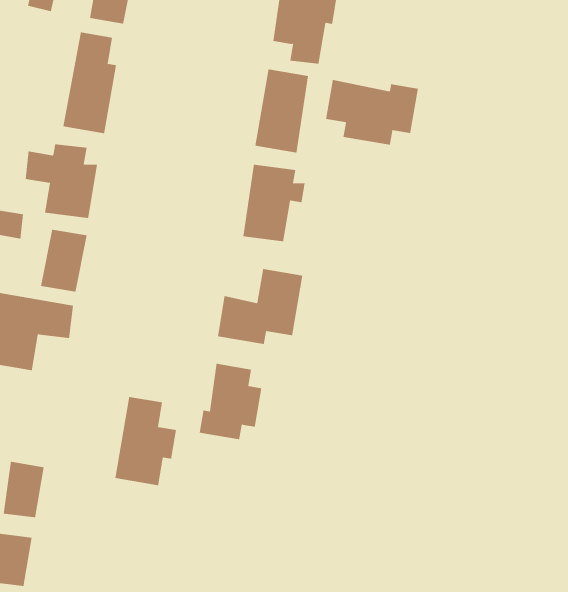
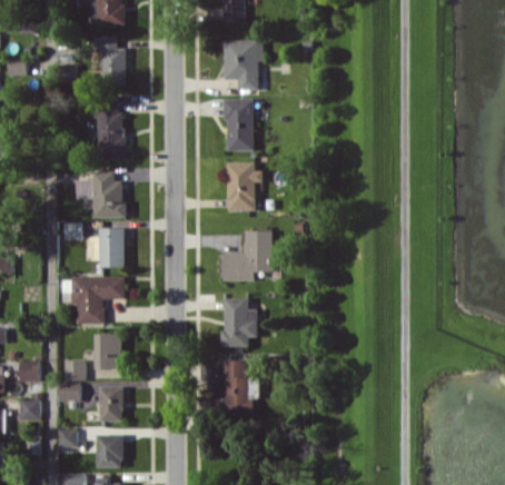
building: [326,79,418,146] -> none
building: none -> [95,334,121,368]
building: [114,396,177,486] -> [222,360,258,416]

